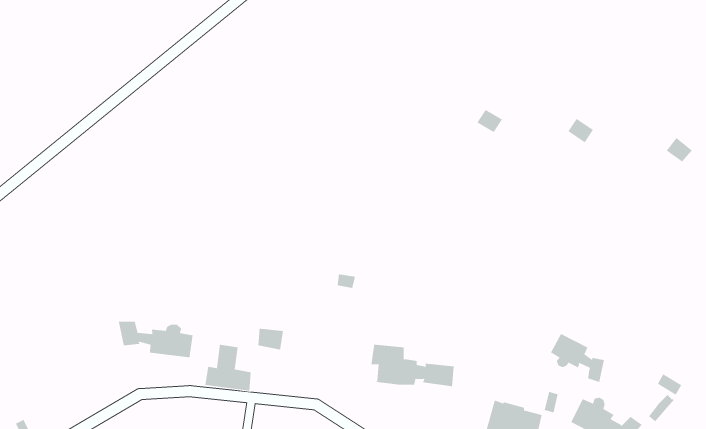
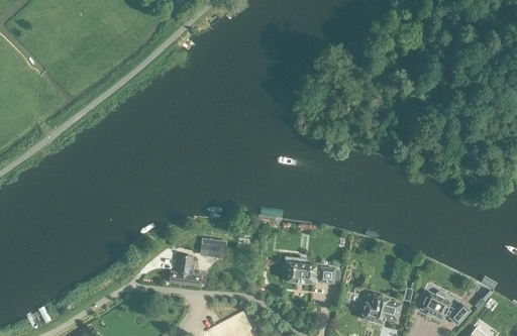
building: [118,321,193,358] -> none
building: [550,333,605,383] -> none

